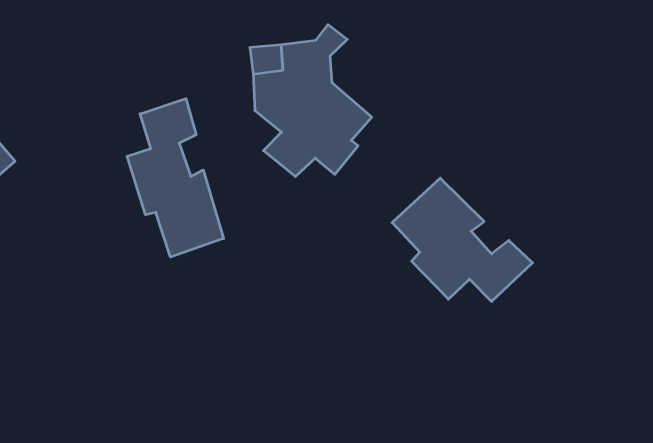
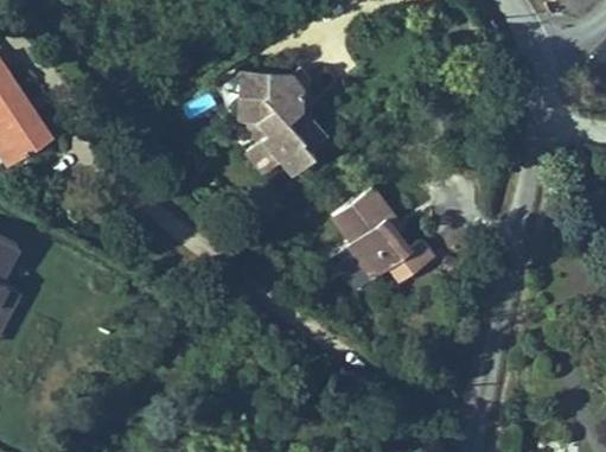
building: [127,99,224,257] -> none

